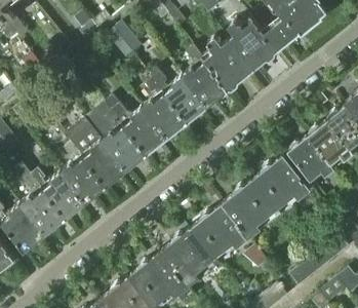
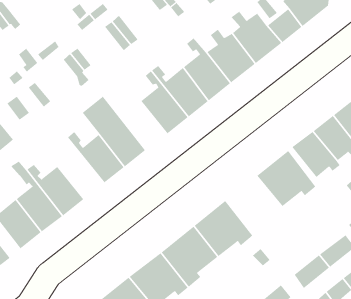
building: [106,97,167,154] -> none
building: [62,142,107,201] -> none
building: [224,179,278,236] -> none

